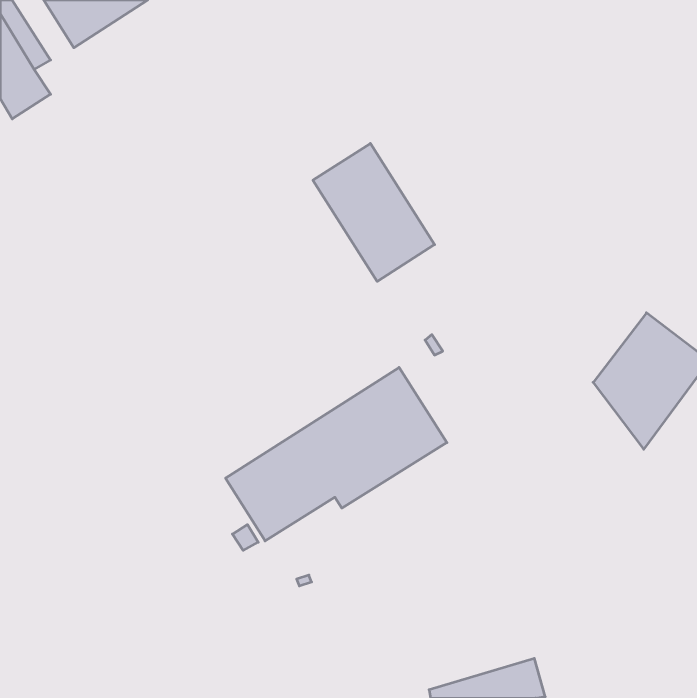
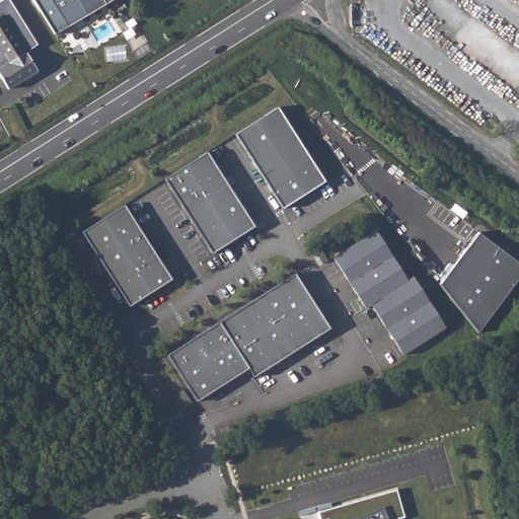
building: none -> [166,151,256,253]
building: none -> [83,205,173,306]
building: none -> [333,230,448,355]

